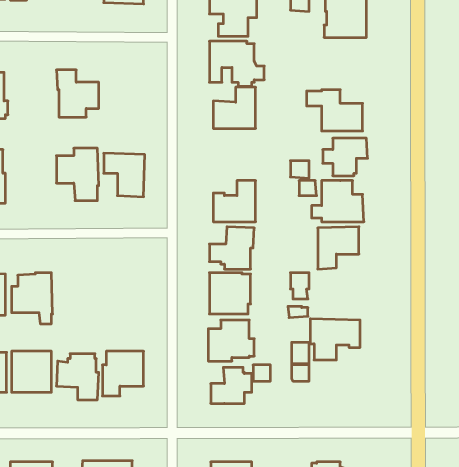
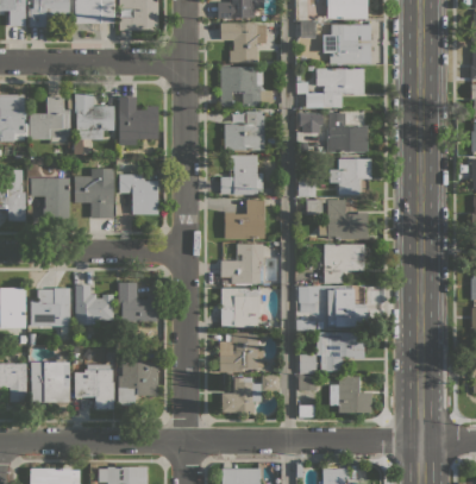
building: none -> [296,69,363,108]
building: none -> [118,96,158,145]
building: none -> [30,98,70,140]
building: none -> [220,155,263,194]
building: none -> [31,178,69,219]
building: none -> [118,283,157,321]
building: none -> [75,285,113,325]
building: none -> [327,289,367,327]
building: none -> [330,377,371,413]

